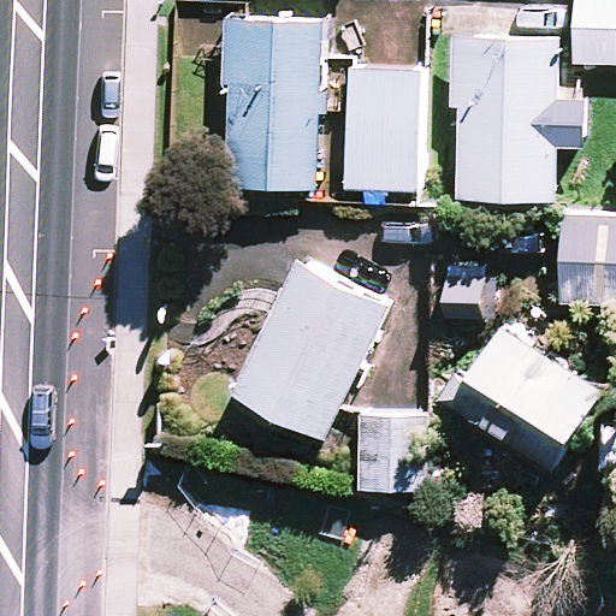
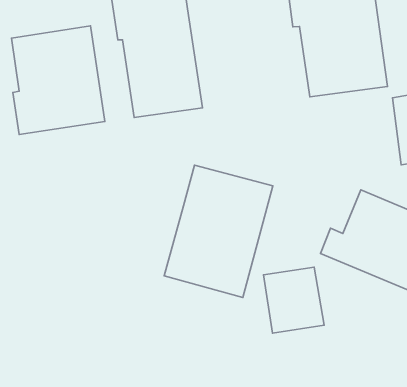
building: none -> [12,26,105,134]
building: [343,67,420,194] -> none

